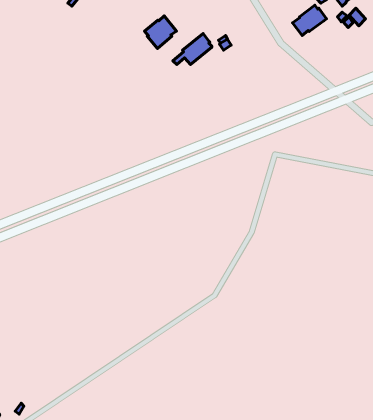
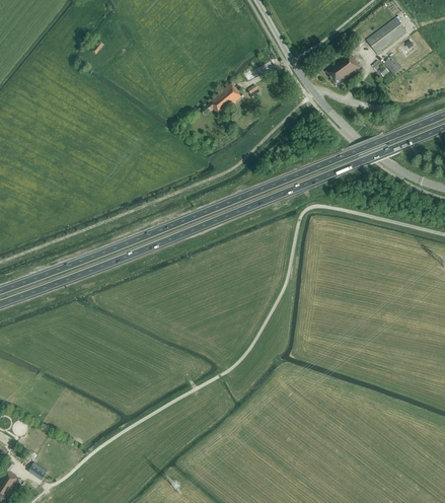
building: [145,16,176,49] -> none

